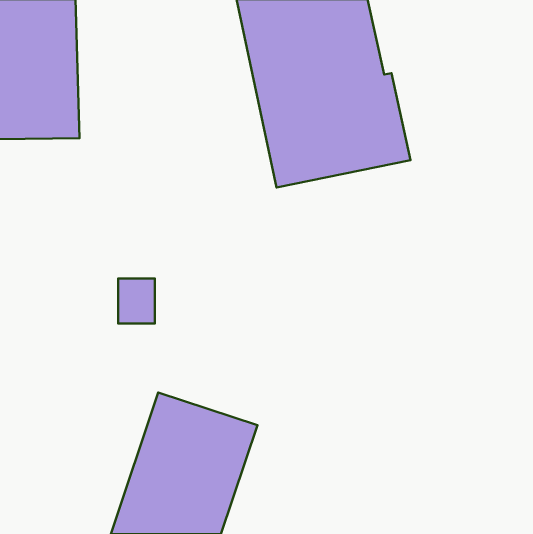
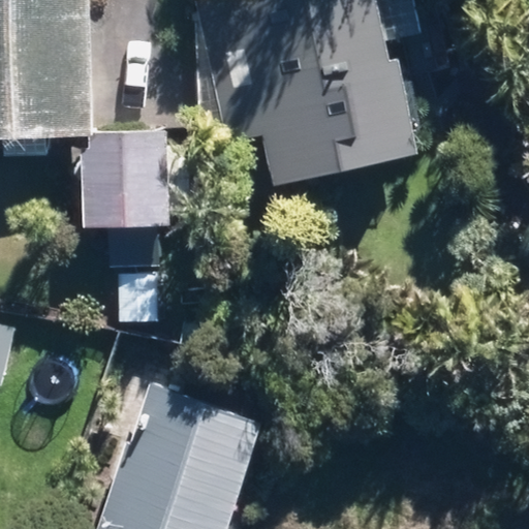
building: none -> [85,148,160,226]

